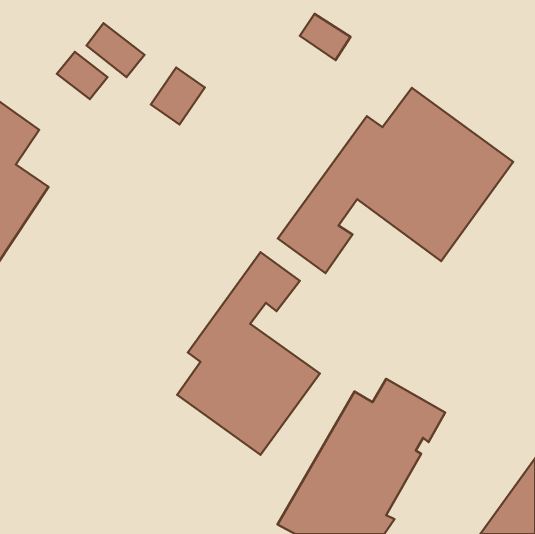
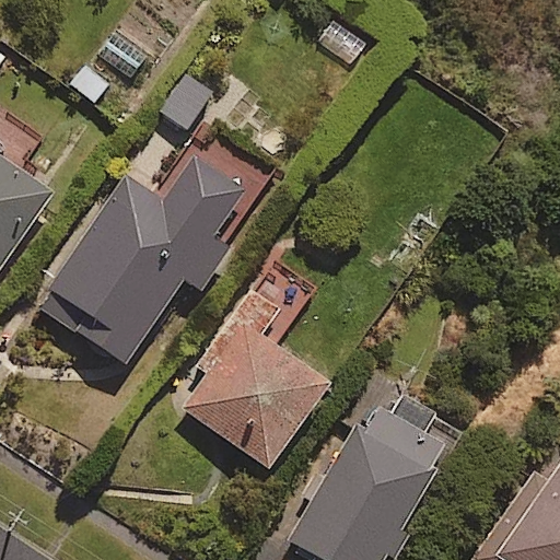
building: [278,88,513,273] -> none
building: none -> [37,154,264,366]

